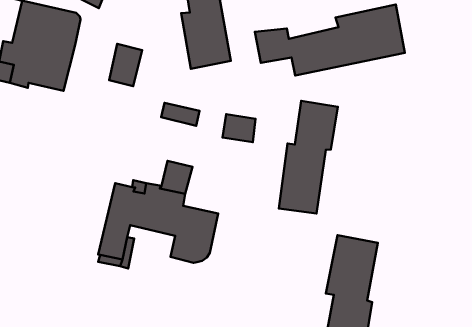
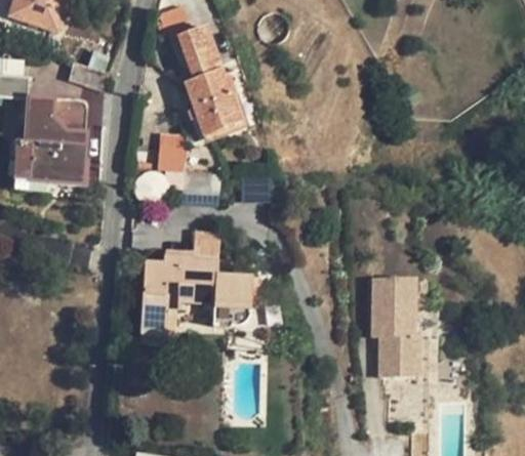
building: [255,5,405,76] -> none
building: [109,44,142,86] -> [159,133,187,172]
building: [279,101,338,213] -> none

